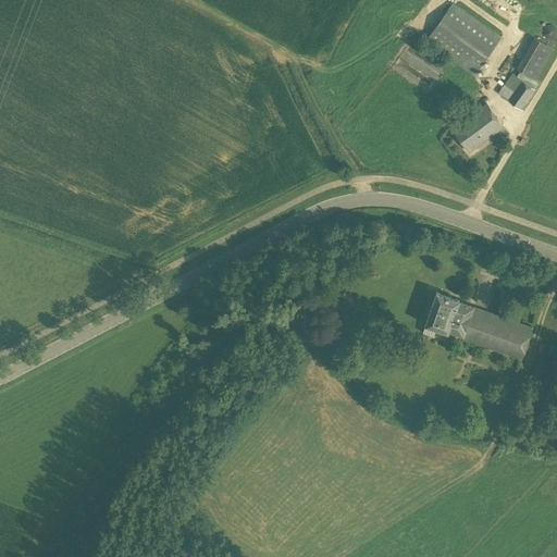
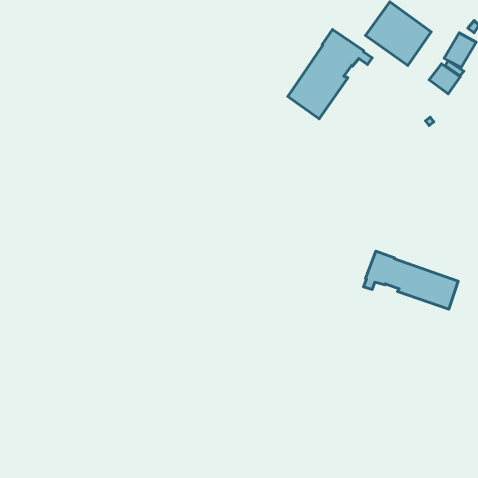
building: none -> [288,29,372,119]
building: [454,104,504,150] -> none

